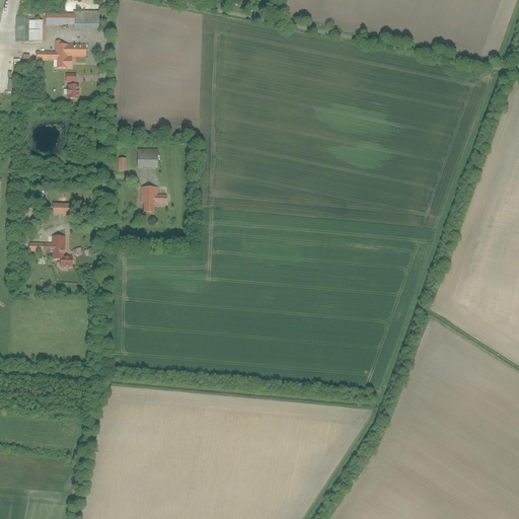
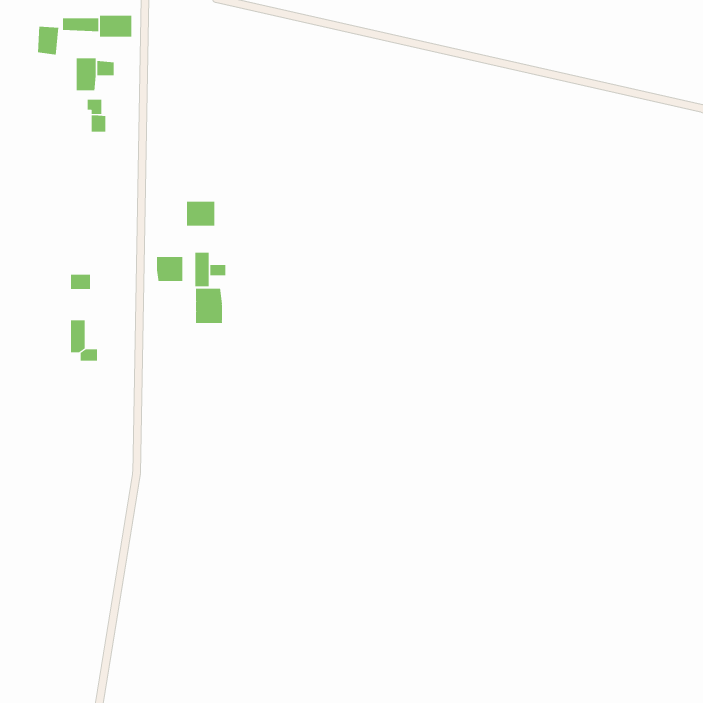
building: none -> [156,256,183,282]
building: none -> [196,288,222,324]

